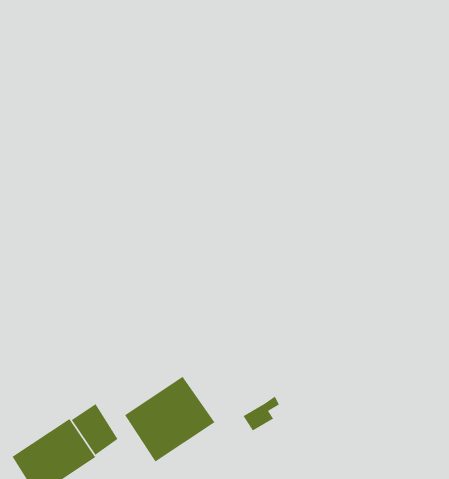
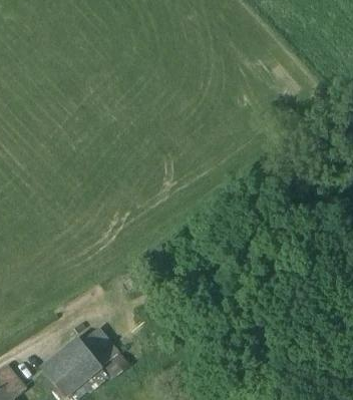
building: [124,376,216,463] -> none

